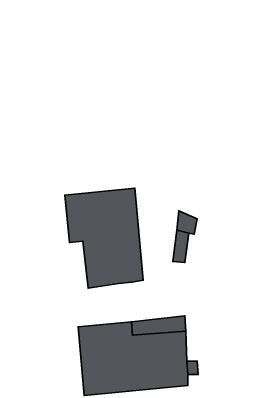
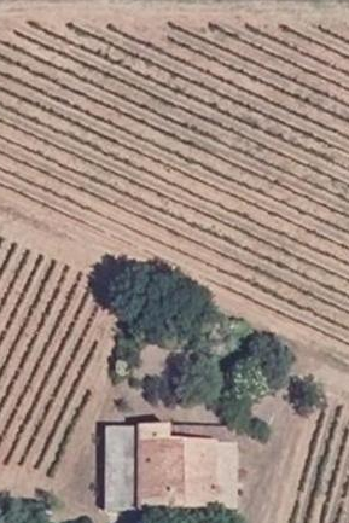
building: [65,188,143,288] -> none

